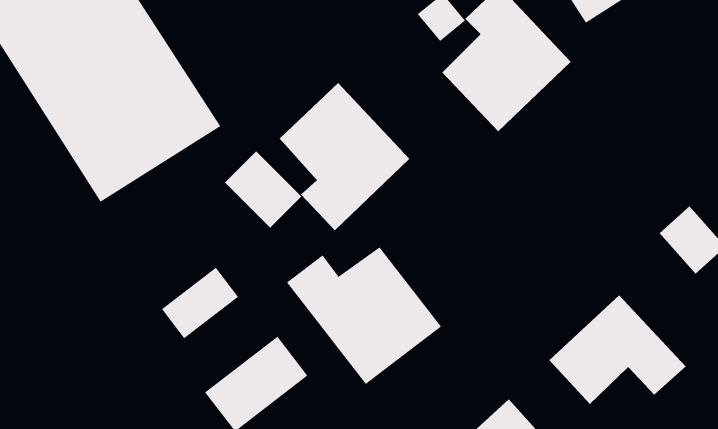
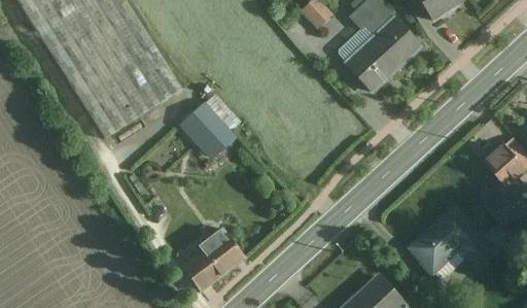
building: [279,82,410,231] -> none
building: [286,246,442,385] -> none
building: [161,267,239,339] -> none

